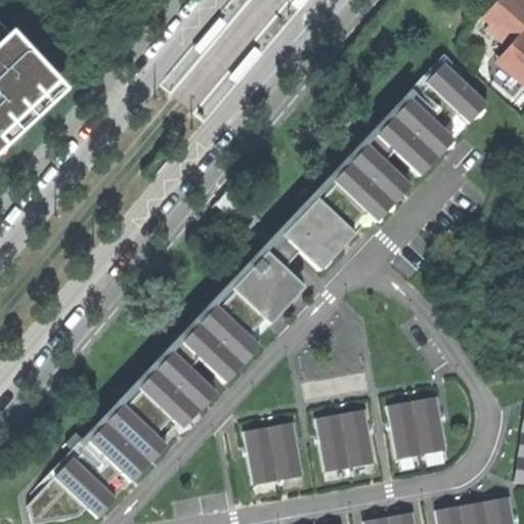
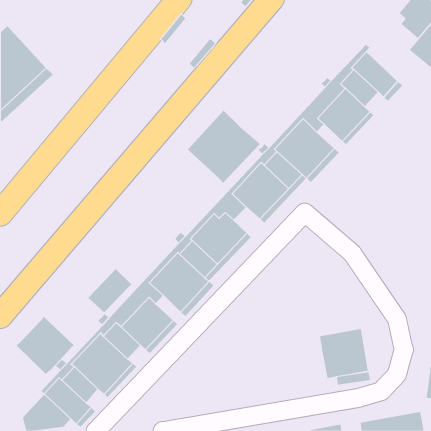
building: none -> [187,110,261,184]
building: none -> [88,268,132,313]
building: none -> [16,316,75,375]
building: [315,409,376,471] -> none
building: [245,423,304,483] -> none

